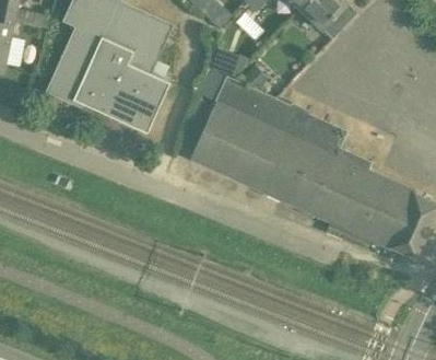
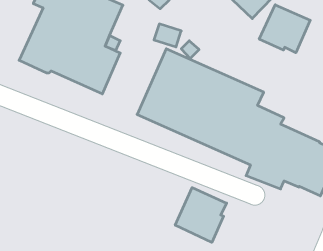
building: none -> [259,5,310,53]
building: none -> [175,188,227,242]

